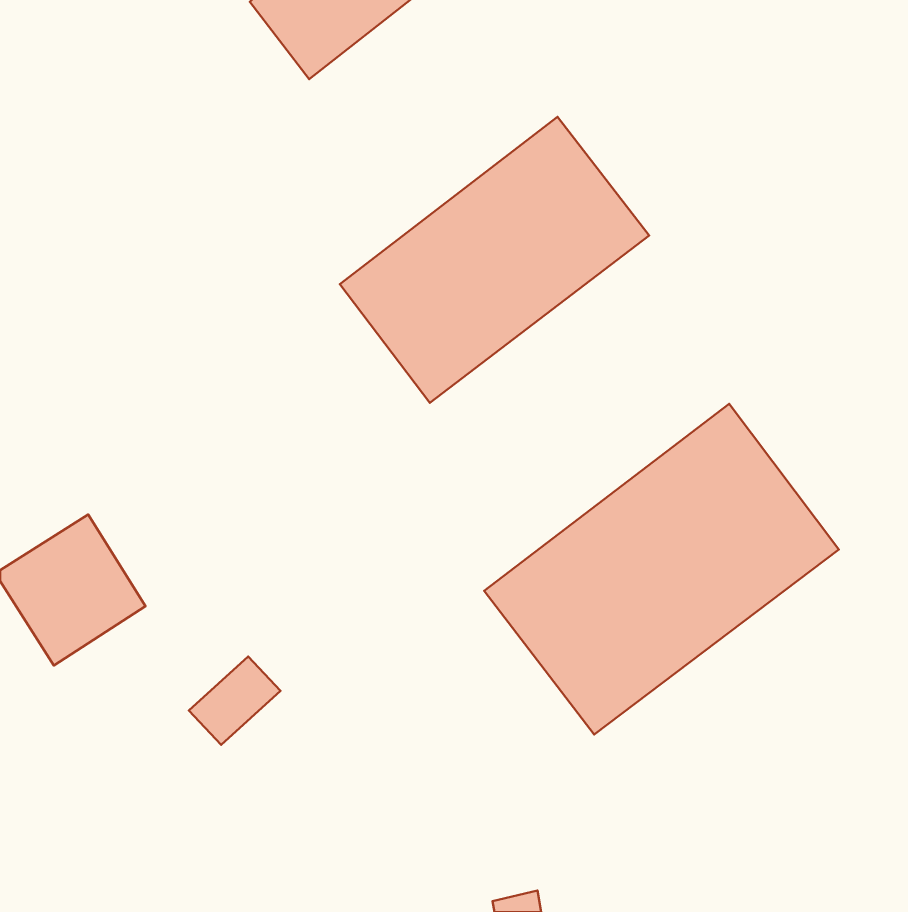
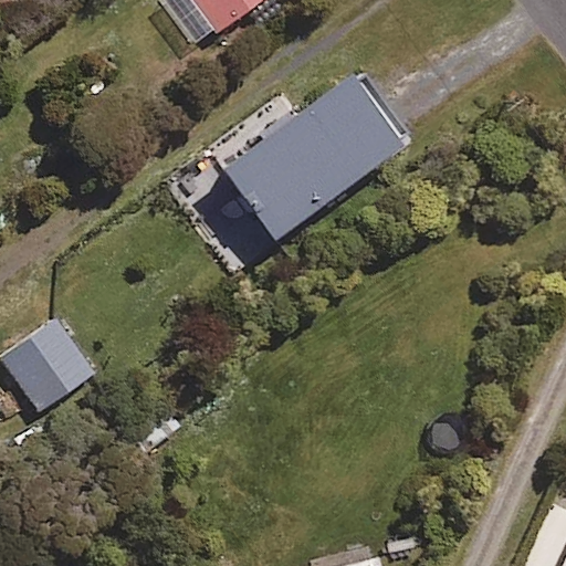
building: [484,404,839,735] -> none

